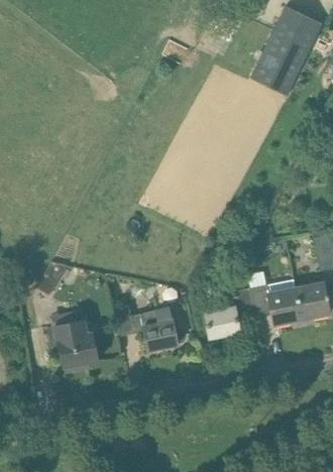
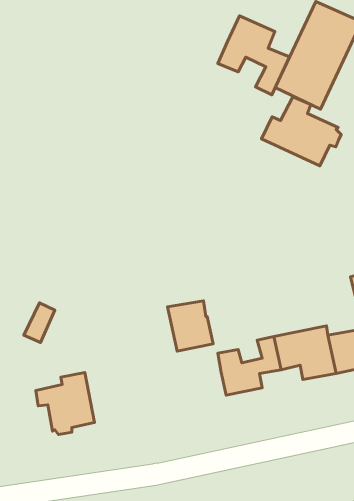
building: none -> [218,16,290,95]
building: none -> [262,97,341,166]
building: [139,309,178,351] -> [168,301,213,351]

